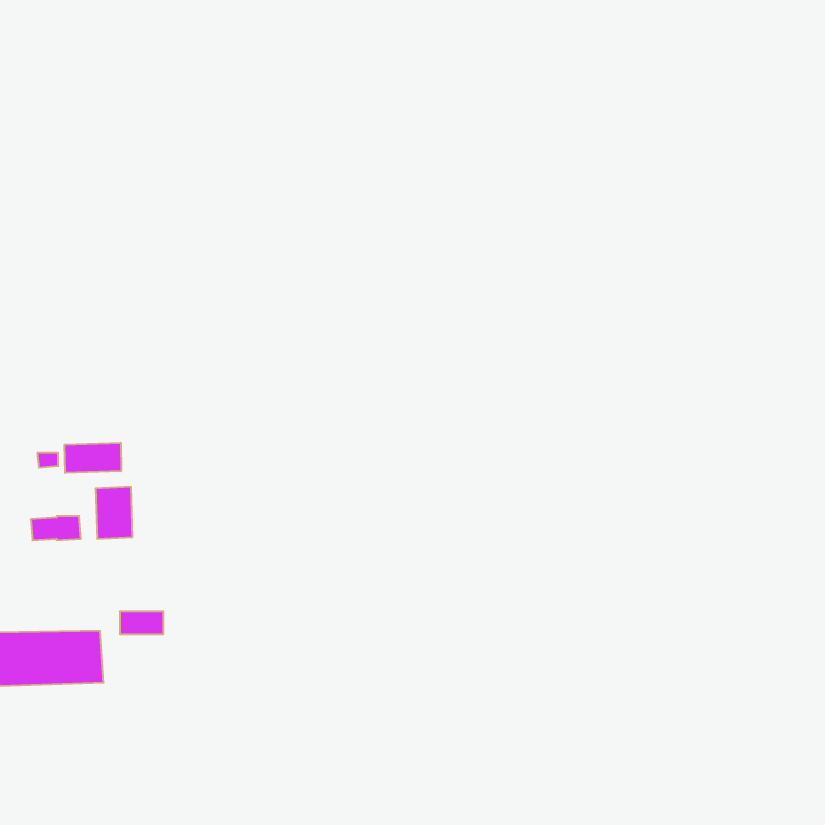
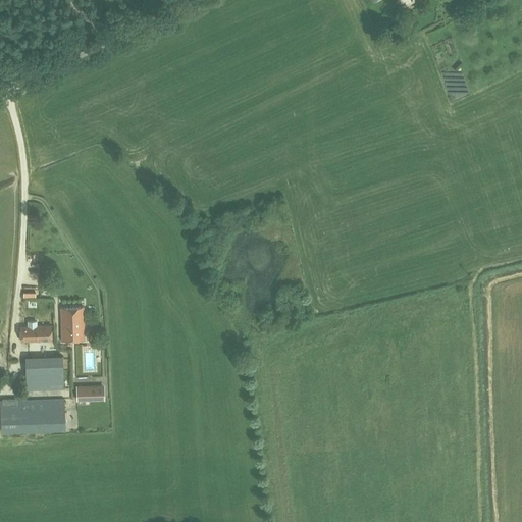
building: [65,443,121,473] -> none
building: none -> [24,356,63,390]

